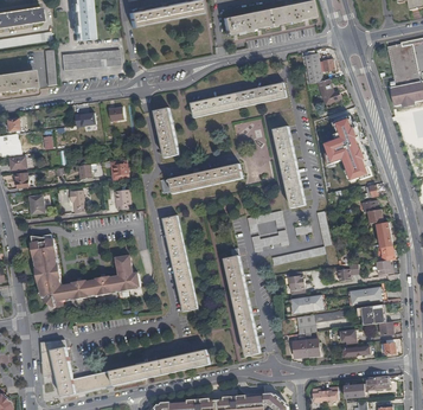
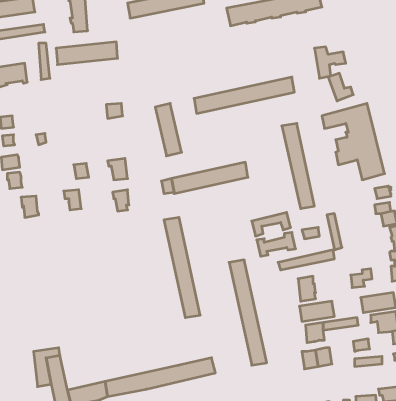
building: [31,232,141,307] -> none

